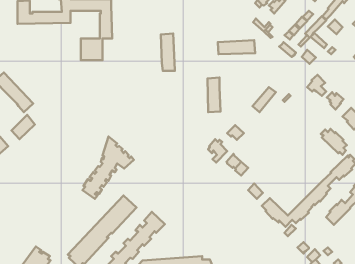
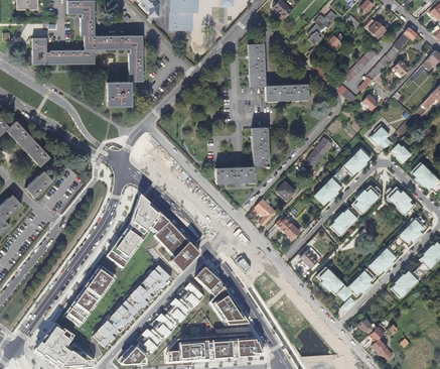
building: [161,34,175,71] -> [249,43,265,87]
building: none -> [312,148,370,206]
building: none -> [214,166,255,182]
building: none -> [329,186,381,236]
building: none -> [153,223,197,273]
building: none -> [64,267,113,326]
building: none -> [193,267,247,326]

